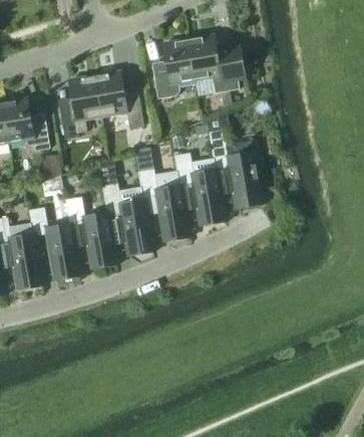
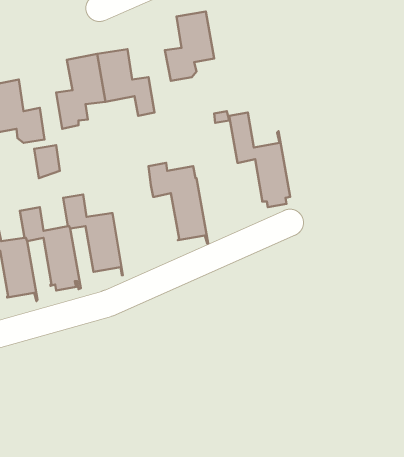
building: [187,35,248,93] -> none
building: [172,153,225,223] -> none
building: [100,183,152,253] -> none

